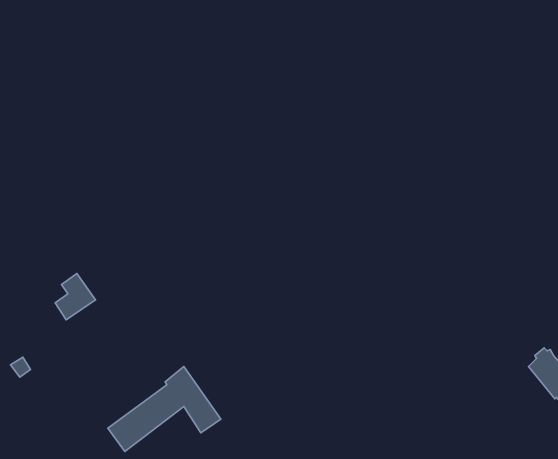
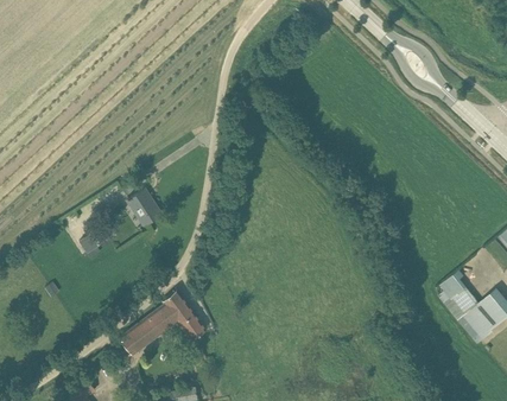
building: none -> [127,190,161,227]

